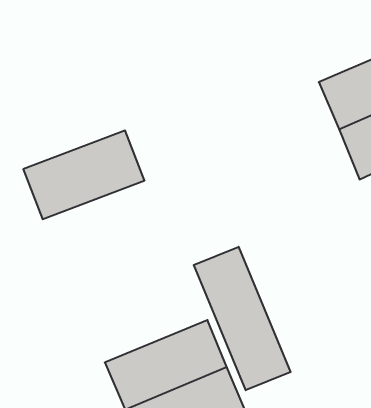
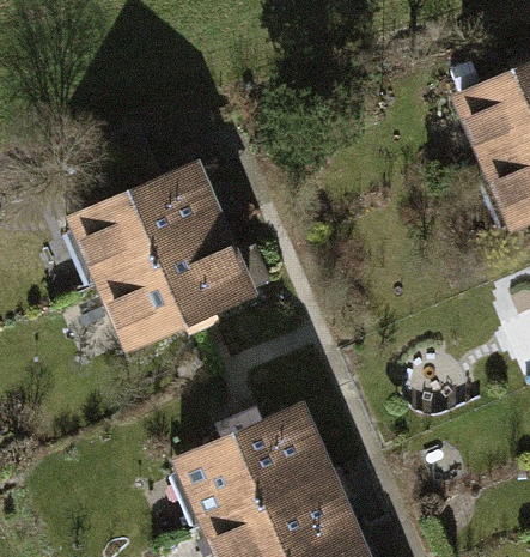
building: none -> [98,235,254,349]
building: [194,247,291,390] -> none

